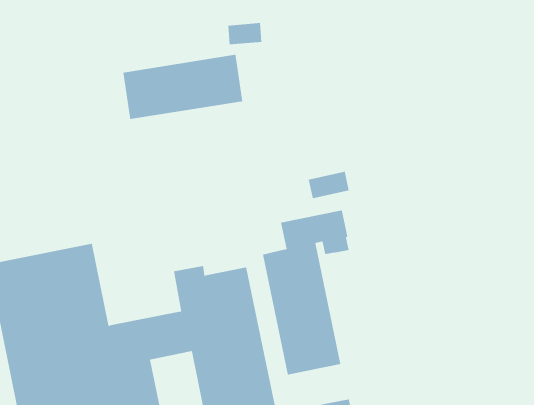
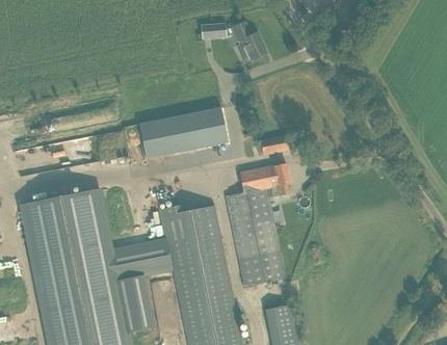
building: none -> [231,22,266,63]
building: [122,54,243,120] -> [138,107,229,156]

